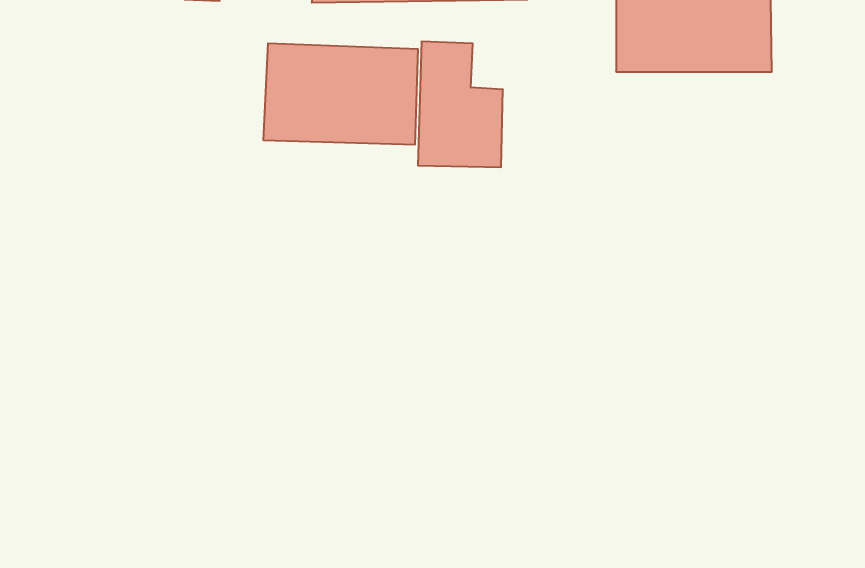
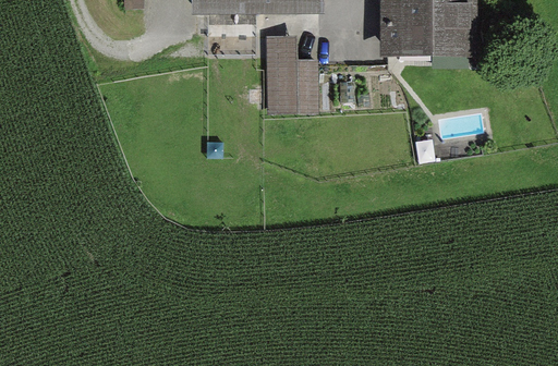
building: [264,43,418,145] -> none

